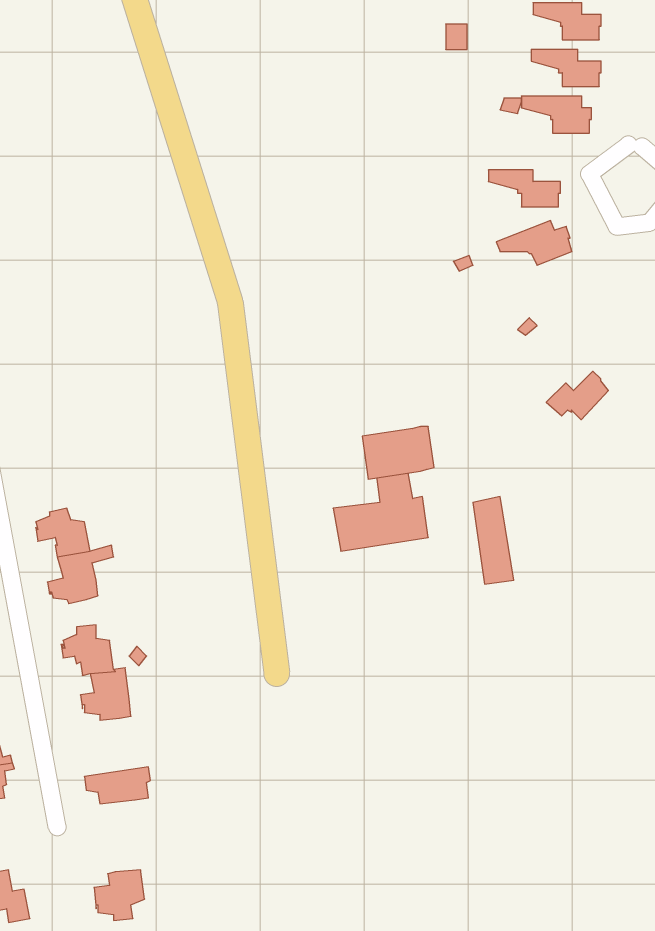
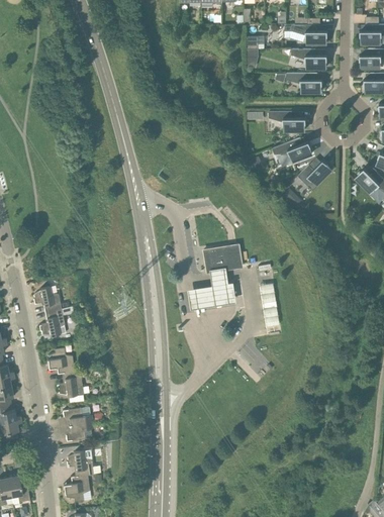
building: [546,371,608,420] -> [299,160,331,185]
building: none -> [58,407,92,427]
building: none -> [67,450,94,477]

